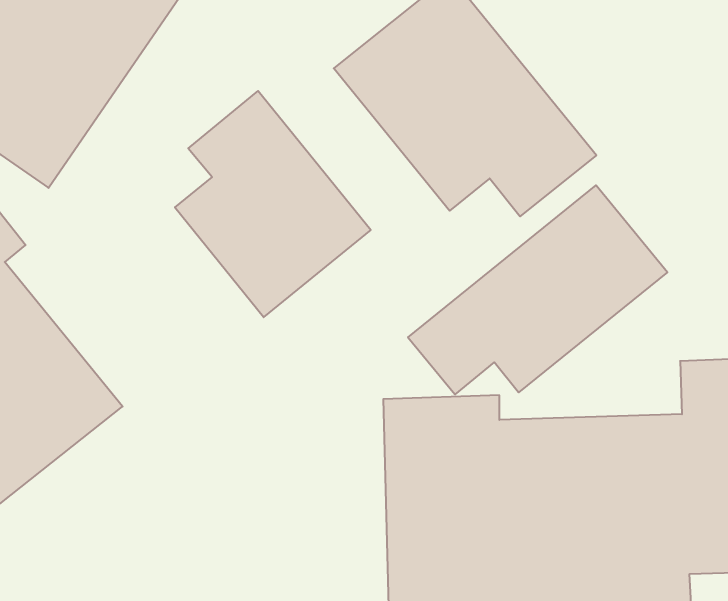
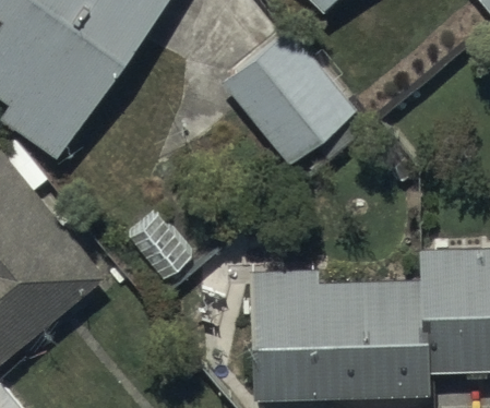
building: [175,91,371,317] -> none
building: [408,185,667,394] -> none

